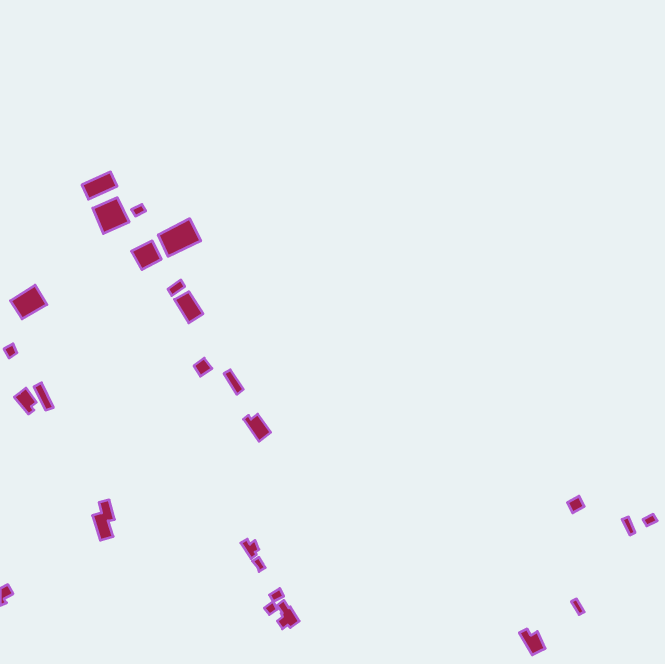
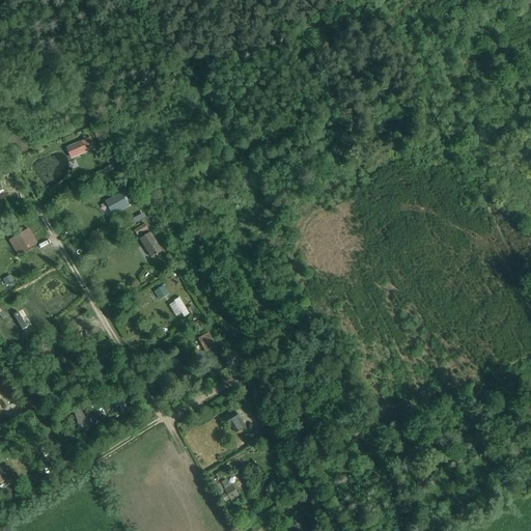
building: [93,198,129,234] -> none
building: [158,219,201,256] -> none

